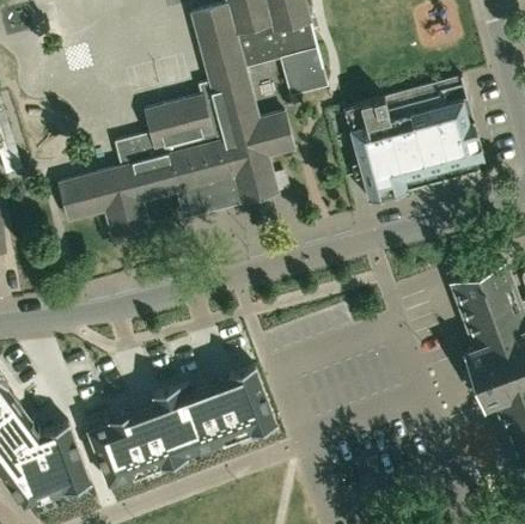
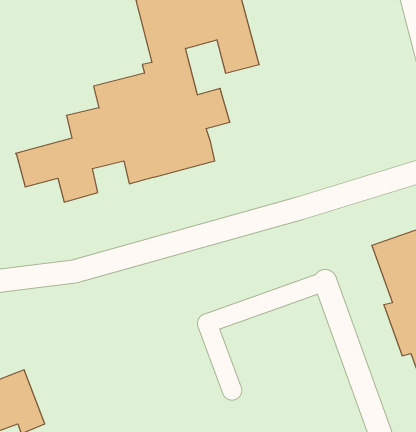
building: [342,77,484,201] -> none
building: [87,365,276,485] -> none

